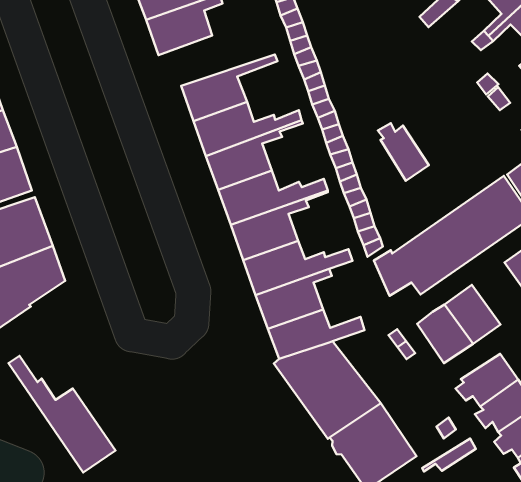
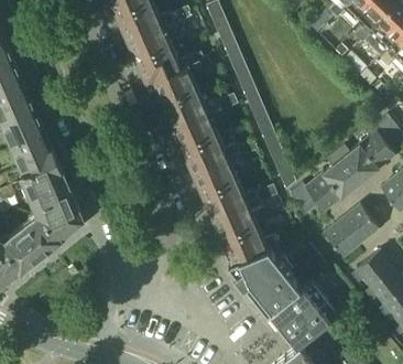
building: none -> [137,49,215,86]
building: [378,123,429,181] -> none
building: [9,356,115,473] -> none

